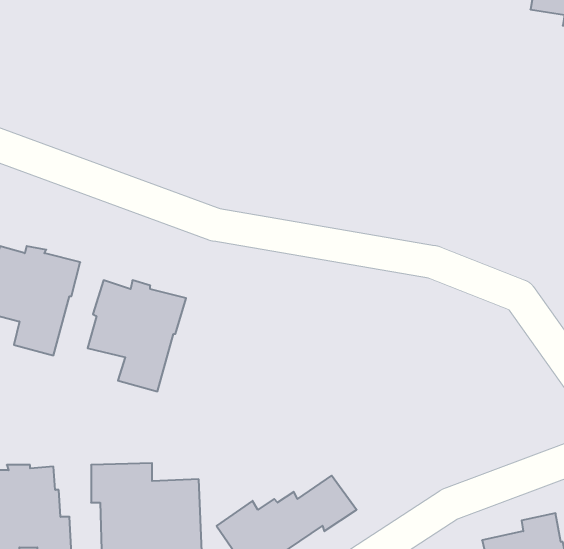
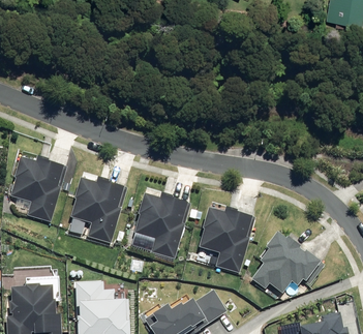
building: none -> [134,194,190,259]
building: none -> [200,208,255,272]
building: none -> [251,233,324,293]

